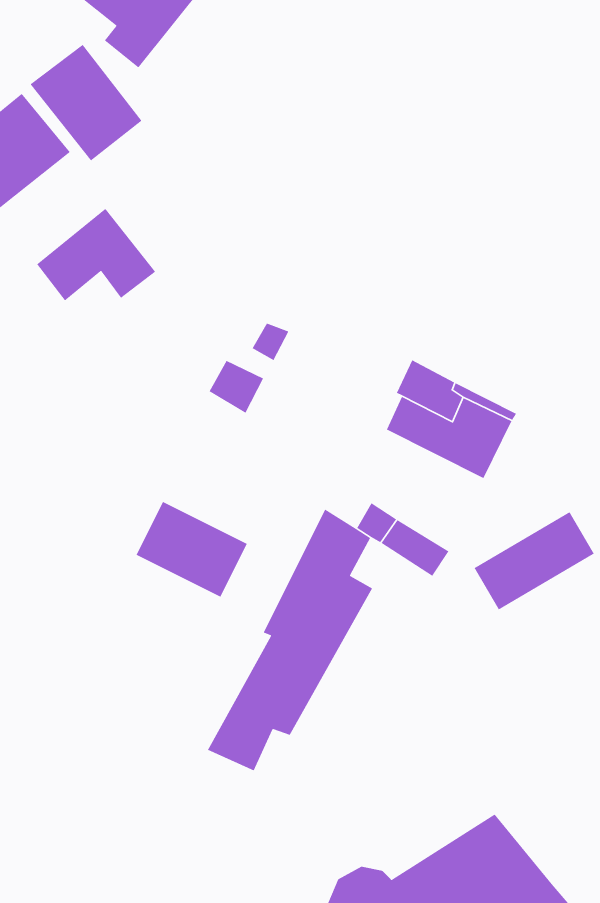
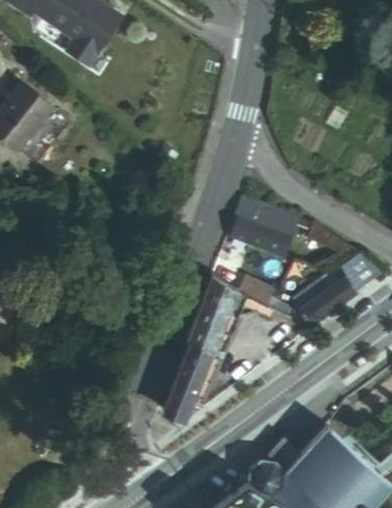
building: [30,44,142,161] -> none
building: [36,208,156,302] -> none
building: [135,501,248,598] -> none

